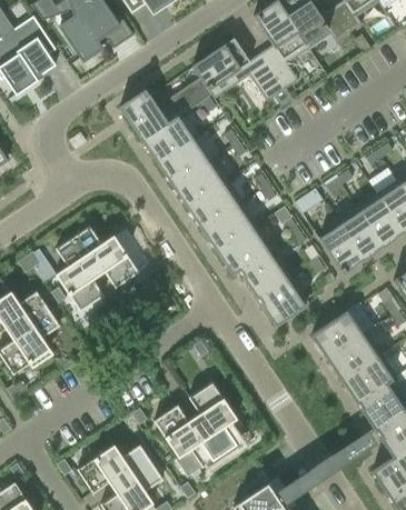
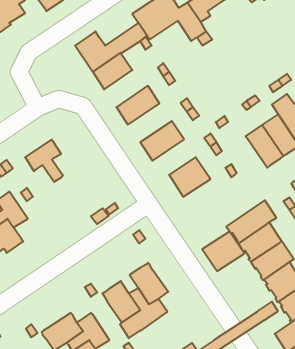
building: [156,138,207,184] -> none
building: [186,180,241,229] -> none
building: [217,226,271,274] -> none
building: [318,226,363,274] -> none
building: [90,228,150,288] -> none
building: [55,258,103,311] -> none
building: [256,276,309,326] -> [202,231,244,271]

